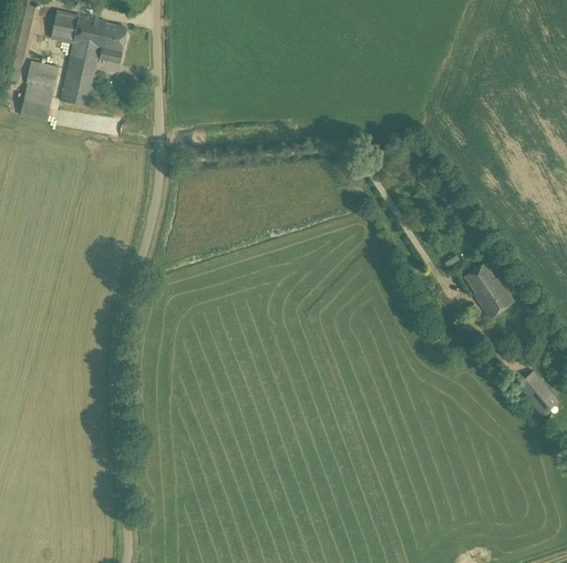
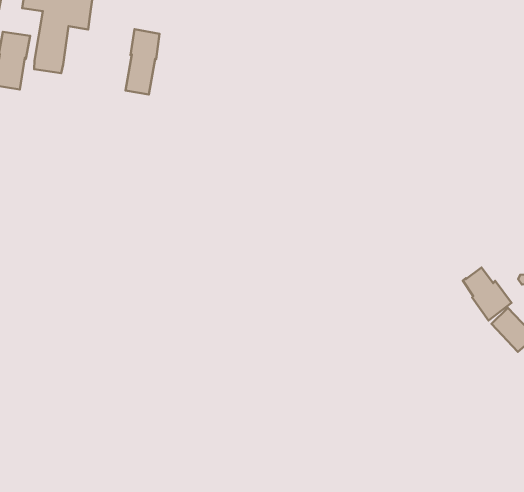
building: none -> [126,29,160,95]
building: [465,262,514,316] -> [463,268,512,320]

